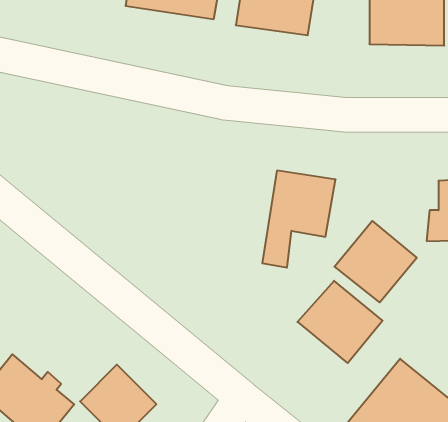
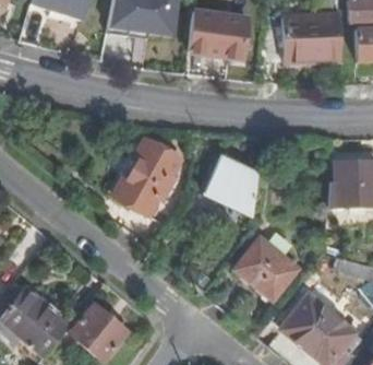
building: none -> [116,139,183,224]
building: [334,221,417,302] -> none

